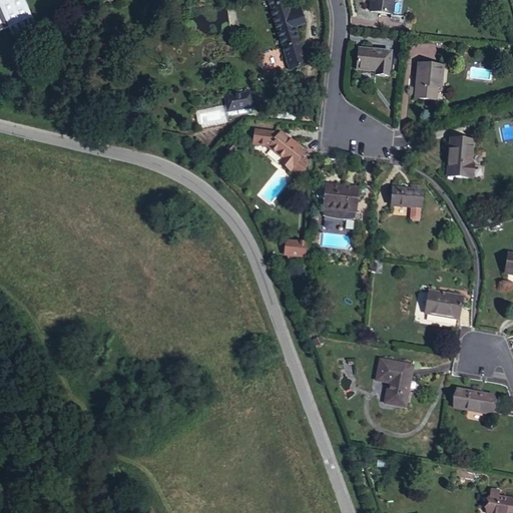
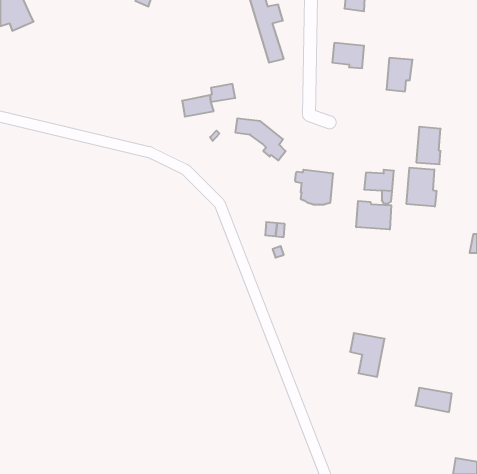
building: none -> [407,168,436,207]
building: none -> [356,201,391,230]
building: [425,289,462,317] -> none
building: [453,387,492,413] -> [415,388,452,412]

